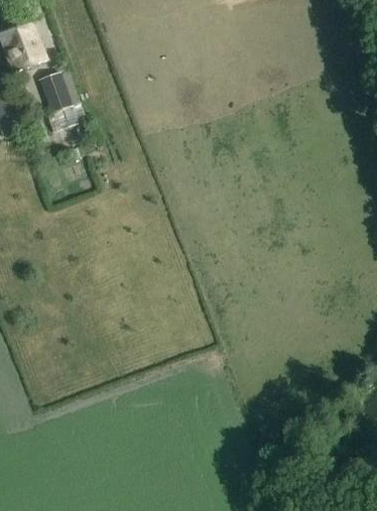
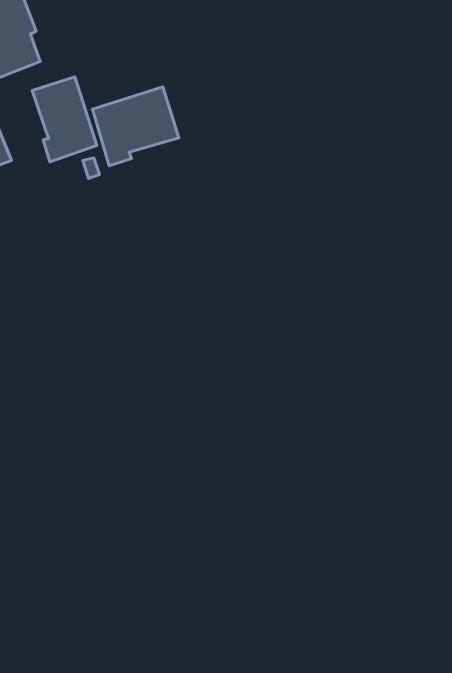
building: none -> [93,87,179,166]

